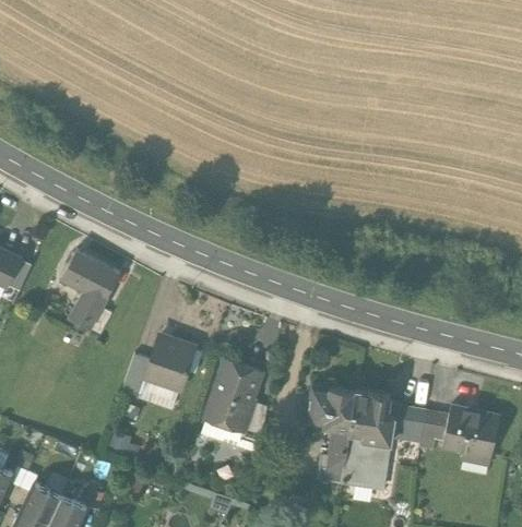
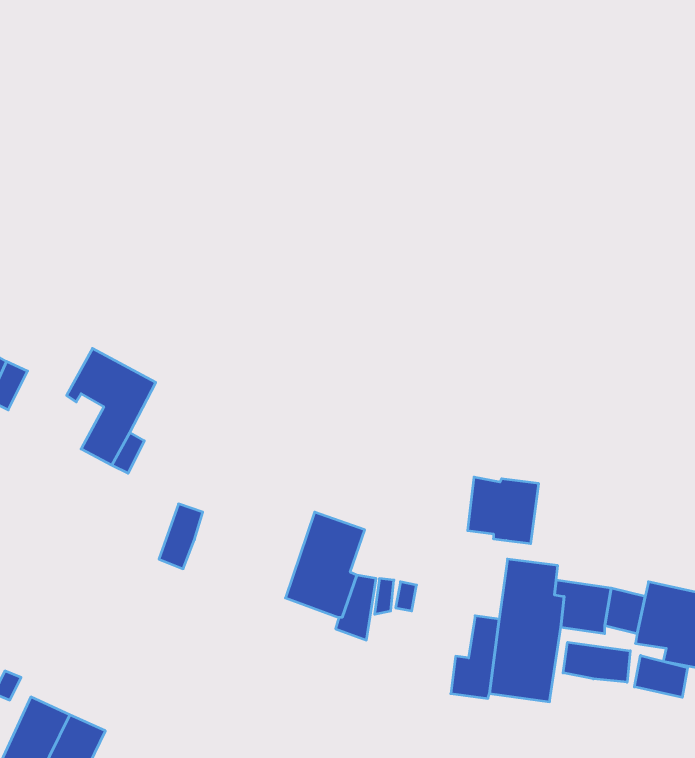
building: [145,338,193,390] -> none
building: [308,387,356,432] -> [468,477,539,544]
building: none -> [563,642,630,682]
building: none -> [634,655,688,697]

